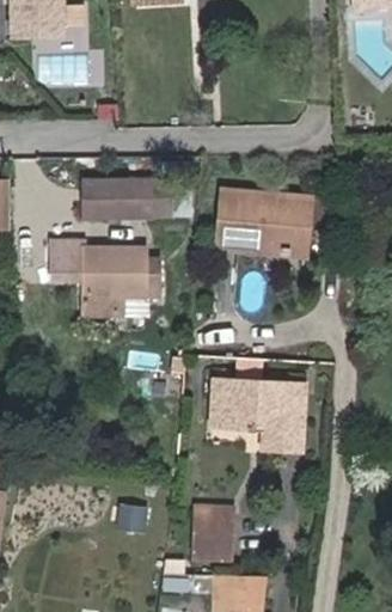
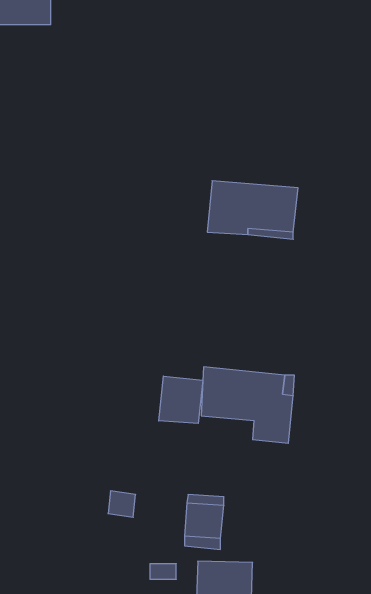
building: [76,182,152,218] -> none
building: [49,241,159,318] -> none
building: none -> [159,376,203,423]

